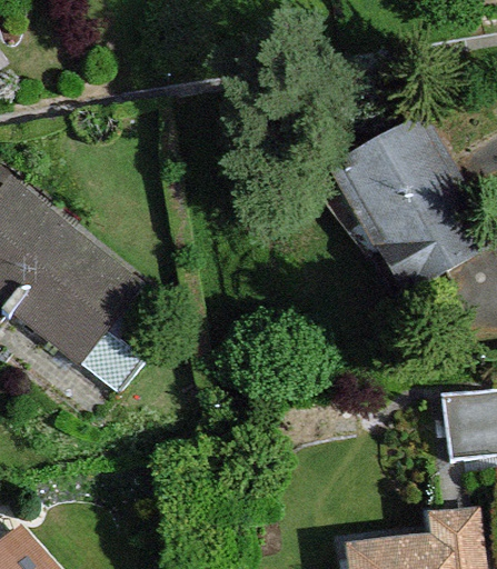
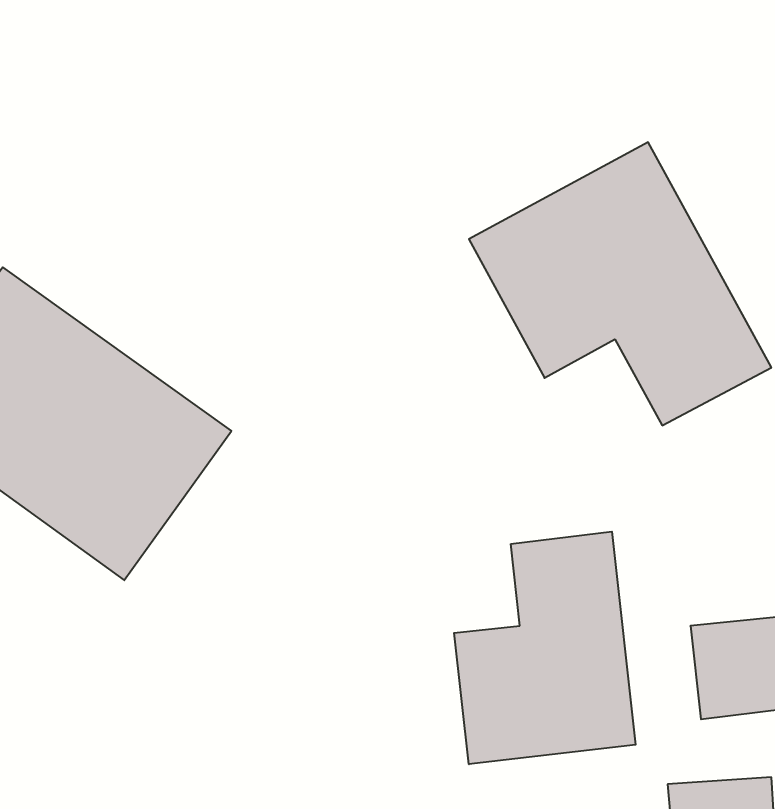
building: none -> [454,532,636,764]

